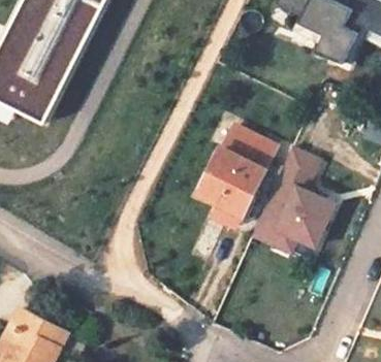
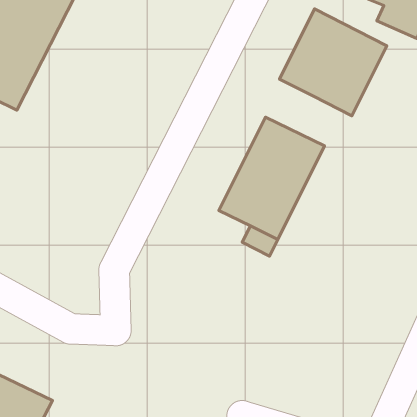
building: none -> [280,9,387,116]
building: [256,146,337,255] -> none

